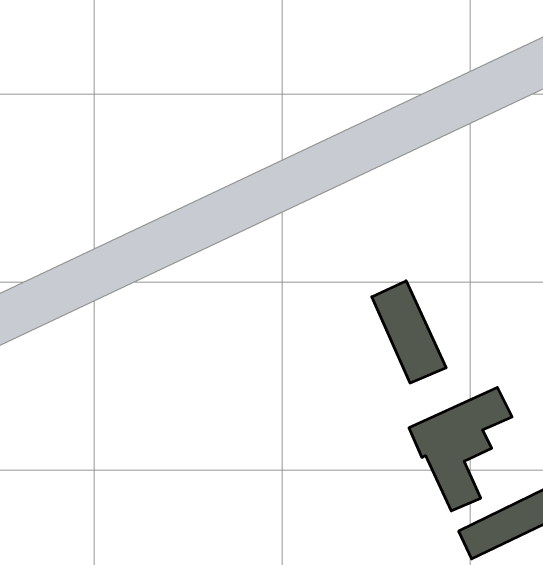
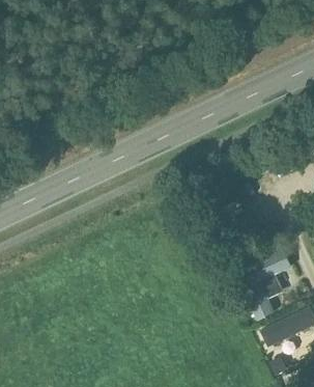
building: [372,281,446,383] -> none

